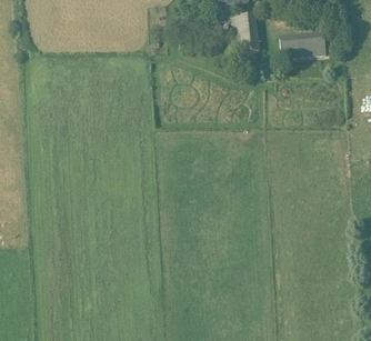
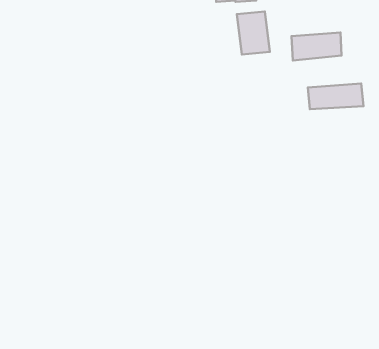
building: none -> [308,83,364,109]

